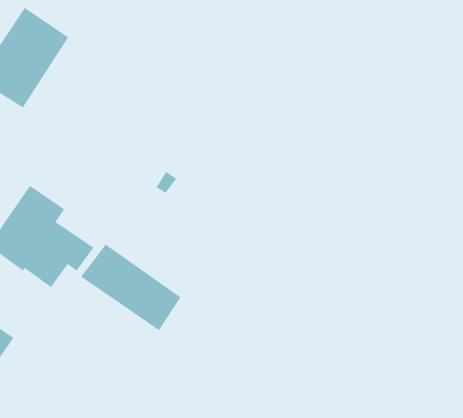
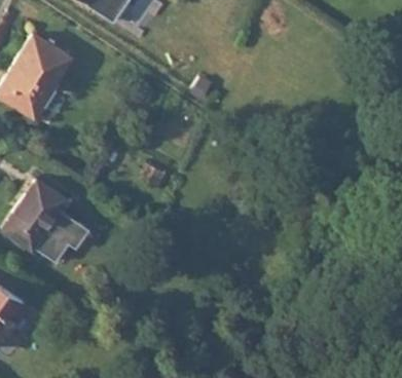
building: [80,243,182,331] -> none

